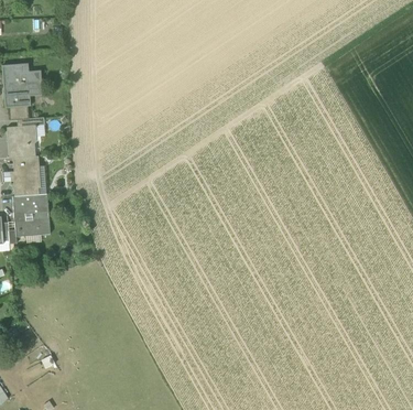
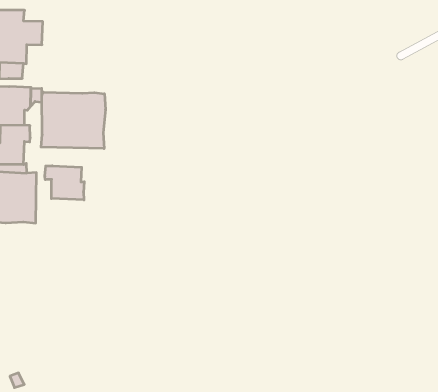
building: none -> [41,92,105,149]
building: none -> [45,166,84,200]

